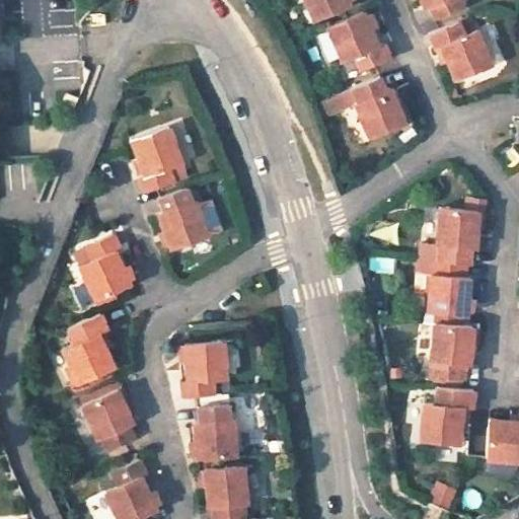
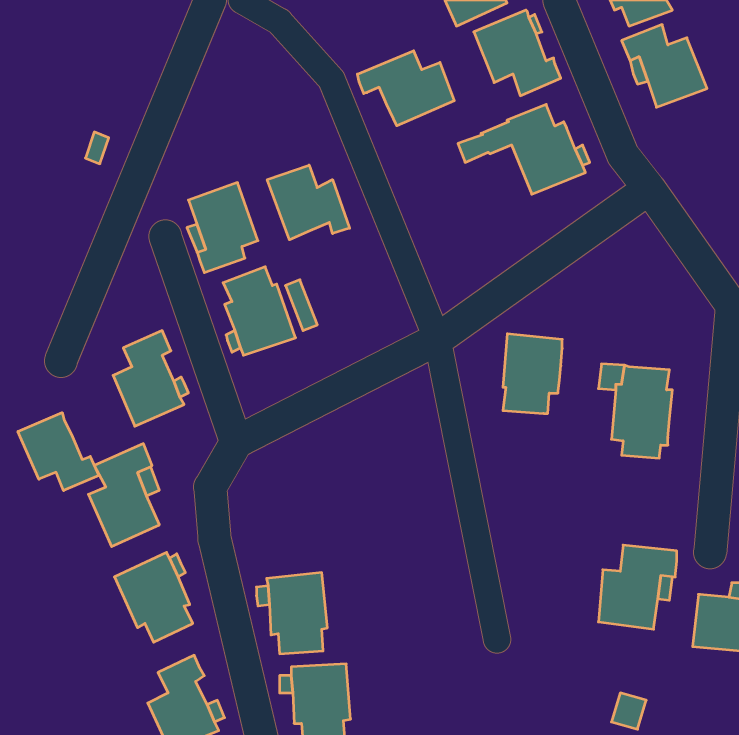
building: none -> [357,51,454,126]
building: none -> [267,165,350,240]
building: [441,207,483,263] -> [503,334,562,413]
building: none -> [18,413,99,491]
building: [431,322,473,379] -> none
building: [180,342,225,399] -> none

